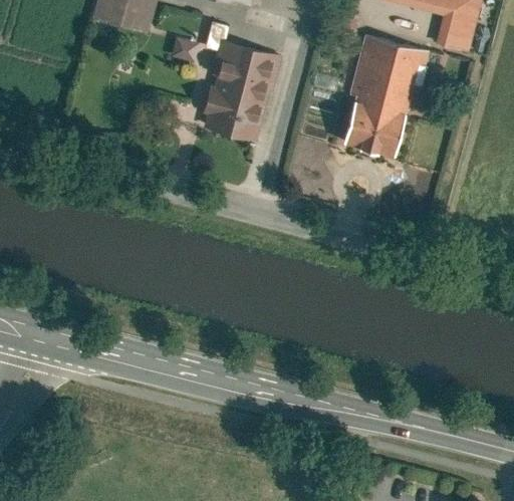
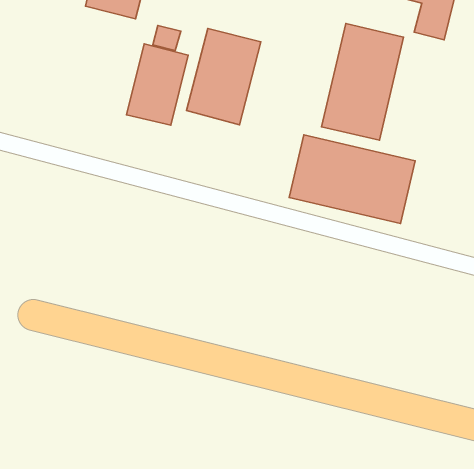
building: none -> [126,44,188,125]
building: none -> [289,135,415,224]

